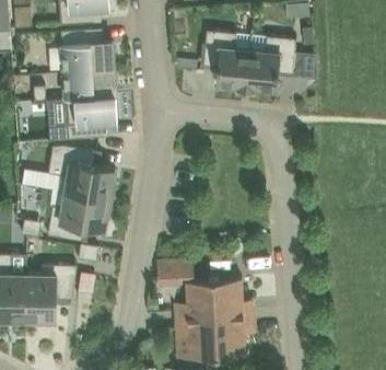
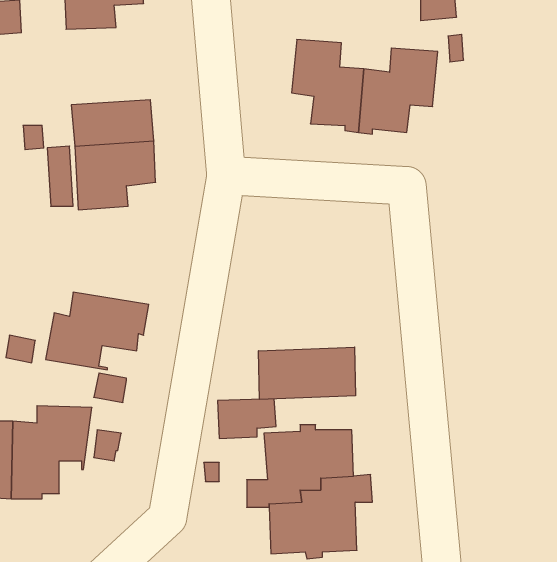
building: [60,31,113,73] -> none
building: [47,147,115,200] -> none
building: none -> [259,347,355,399]

